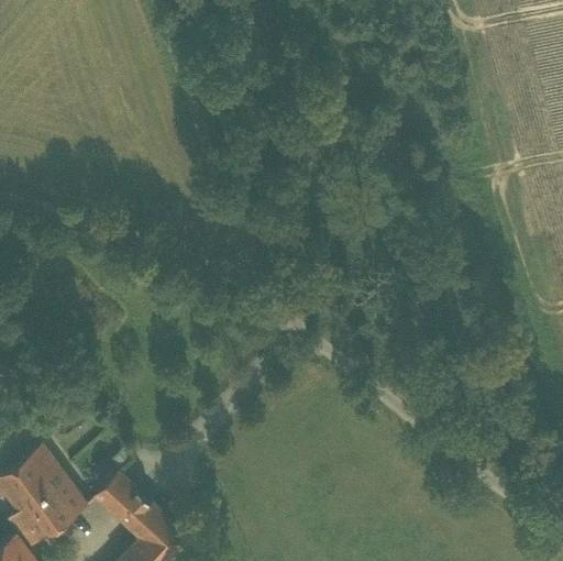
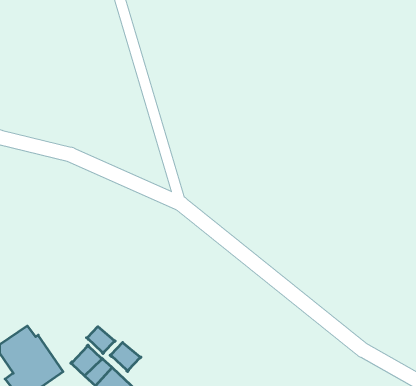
building: none -> [86,327,115,354]
building: none -> [110,342,141,372]

